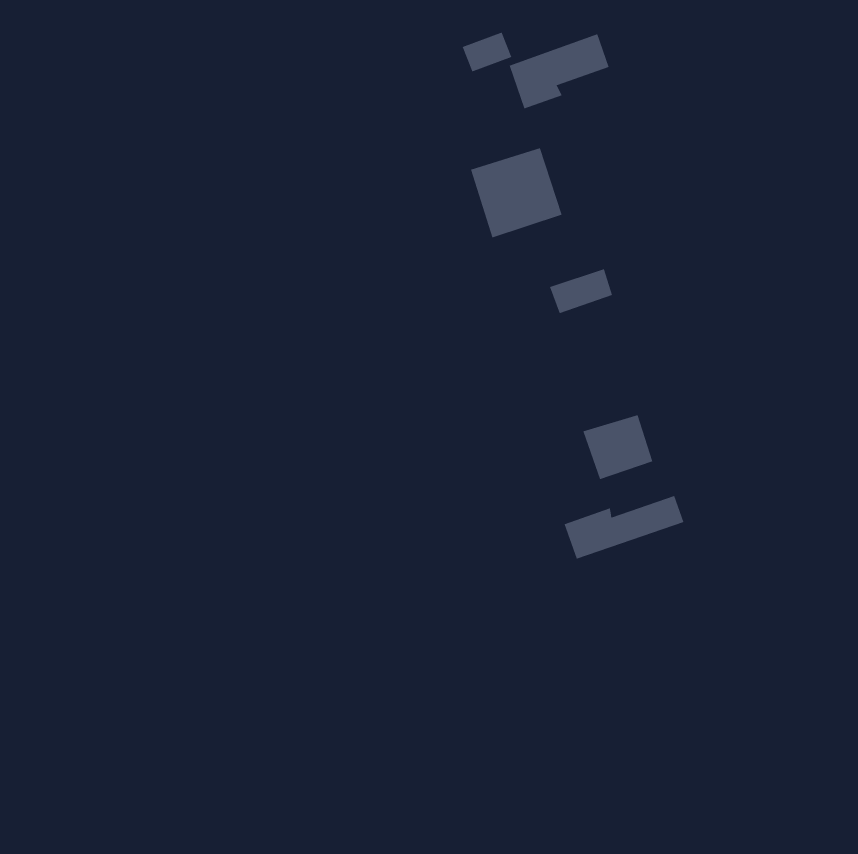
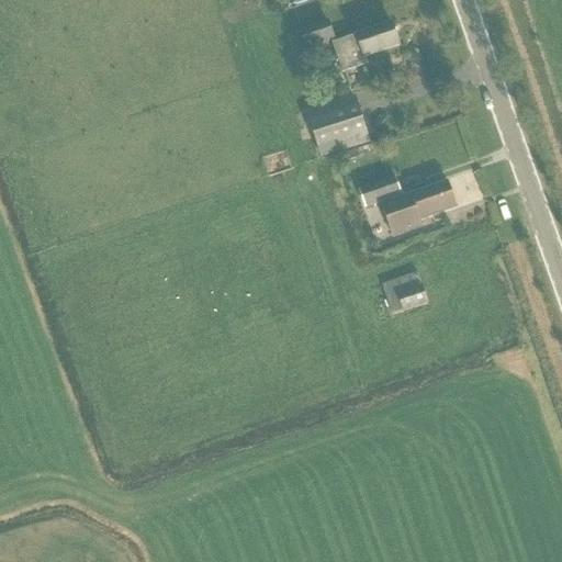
building: none -> [381,181,456,235]
building: [564,495,684,559] -> none

